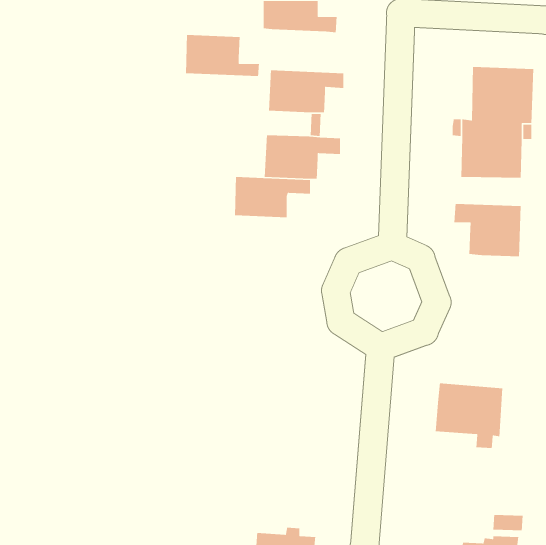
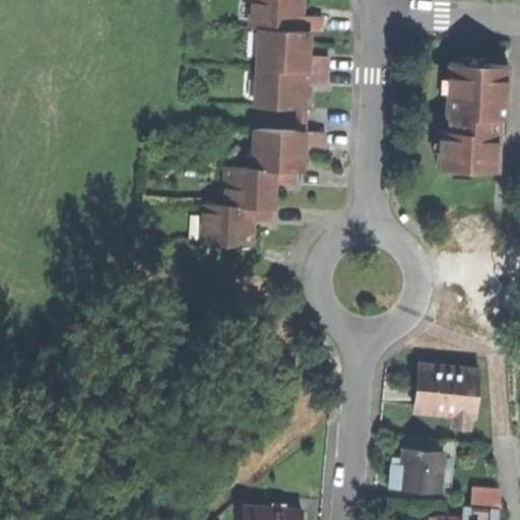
building: [185,34,260,77] -> [257,29,328,70]
building: [453,203,522,257] -> none
building: none -> [199,206,273,247]
building: none -> [388,437,454,492]

